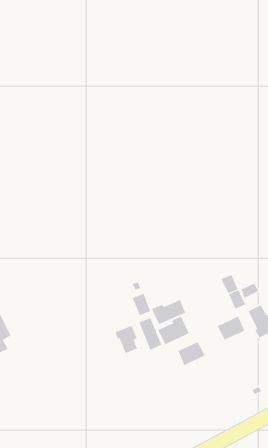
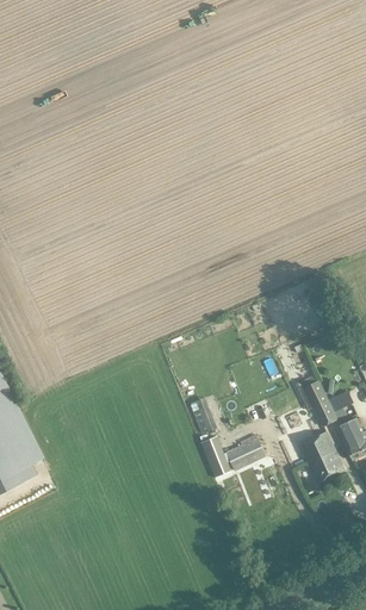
building: [152,299,186,325] -> none
building: [115,325,138,354] -> none
building: [177,341,206,366] -> [310,452,346,483]

